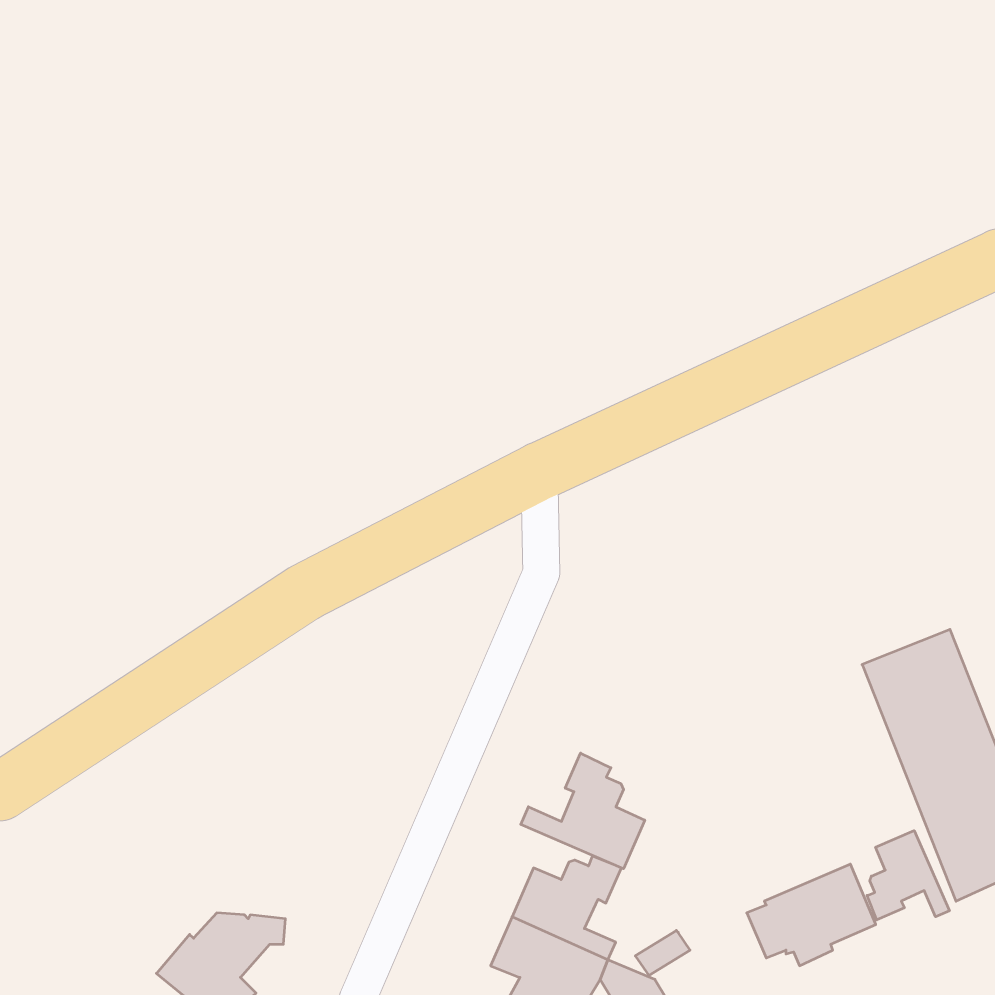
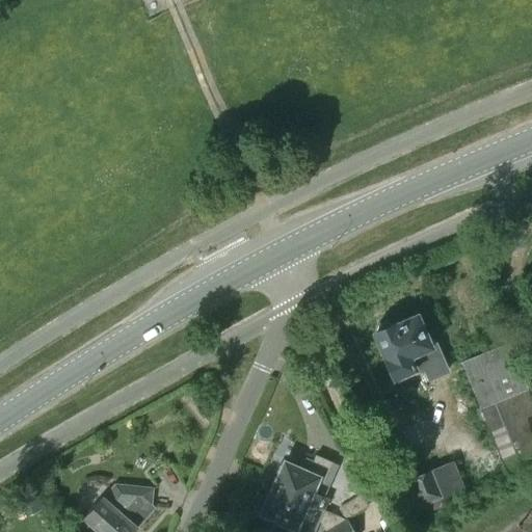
building: none -> [375,315,450,381]
building: [521,753,645,869] -> none
building: [867,831,949,920] -> none

